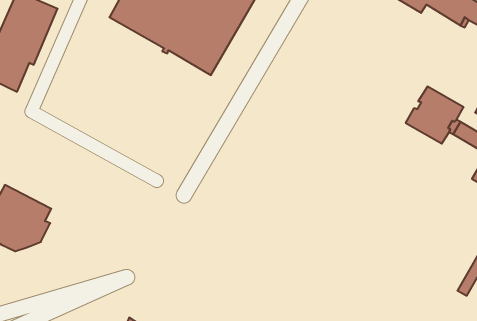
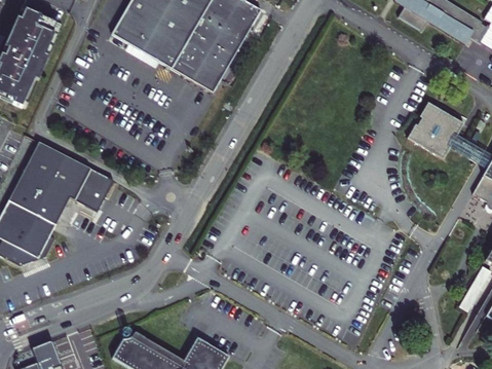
building: none -> [9,142,113,223]

